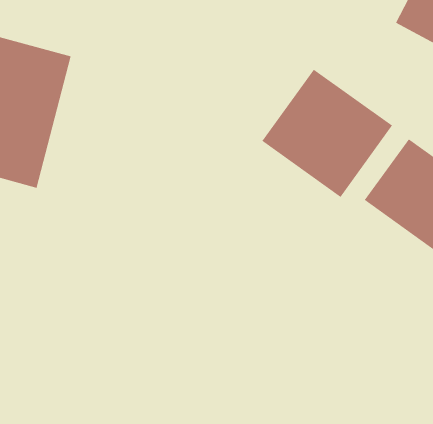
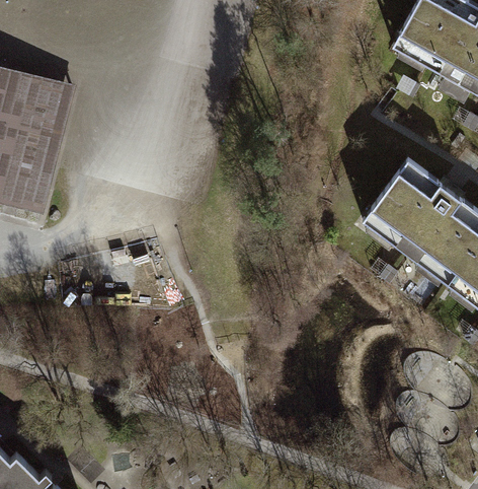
building: [262,69,393,198] -> none

